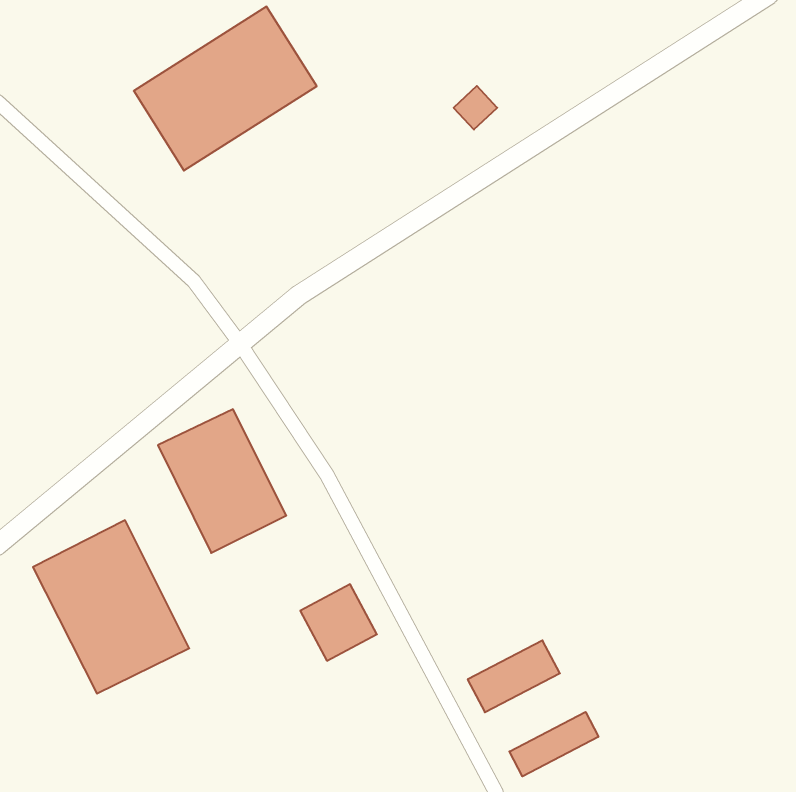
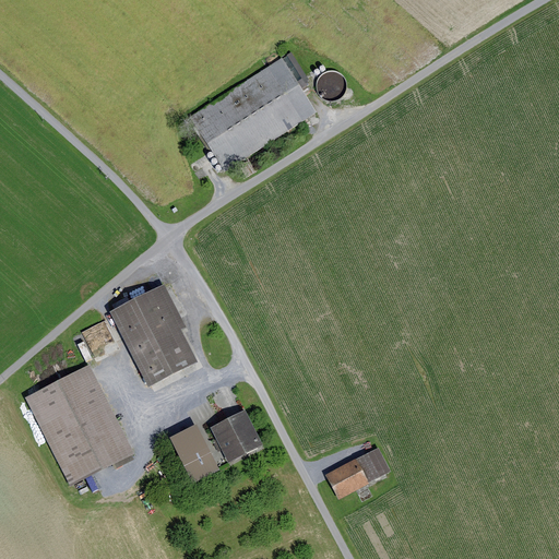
building: [134,7,317,171] -> [186,53,313,168]
building: none -> [169,424,218,483]
building: [509,712,598,776] -> none

